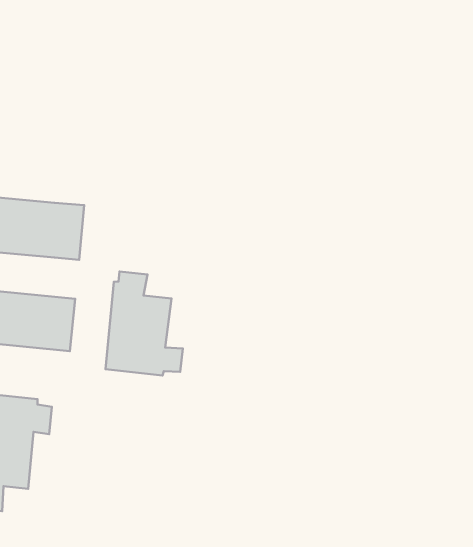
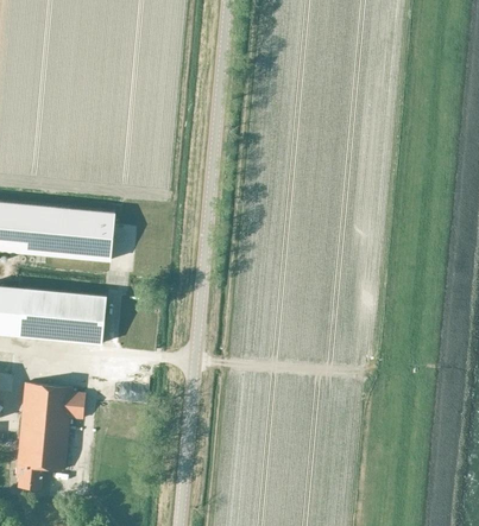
building: [105,272,183,375] -> none

